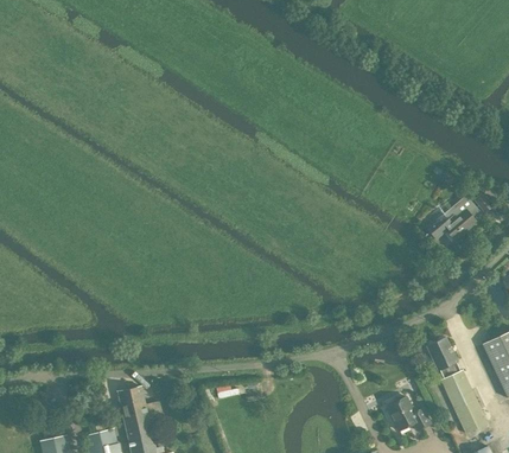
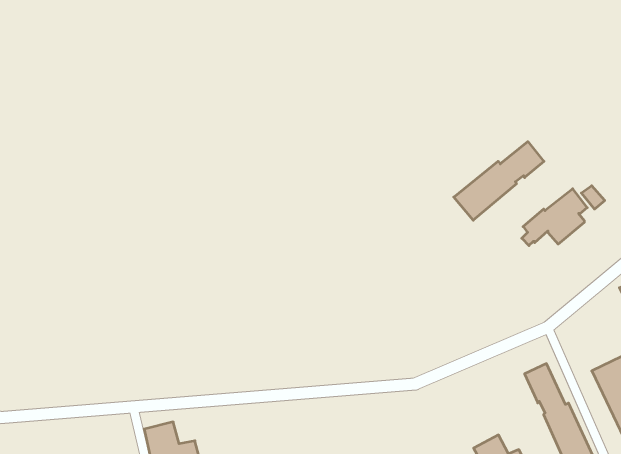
building: none -> [454,142,544,220]

